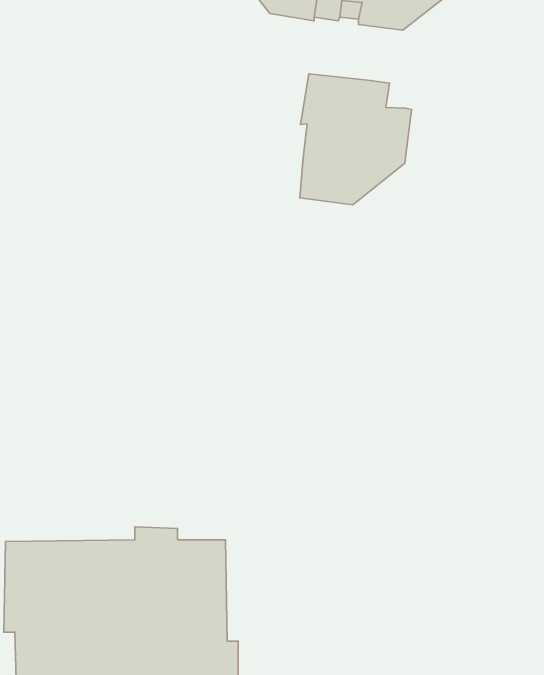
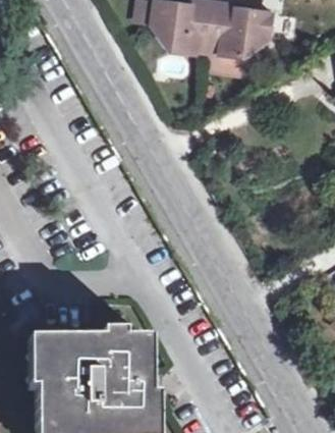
building: [300,74,412,205] -> none

